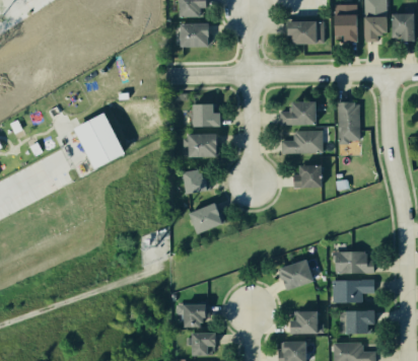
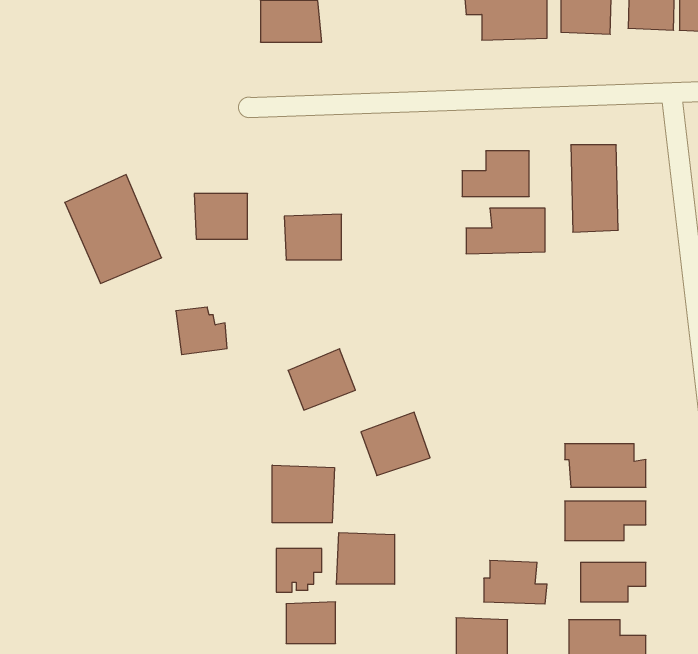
building: [189,103,216,127] -> [194,194,248,239]
building: [293,165,323,189] -> none
building: [184,169,210,194] -> [176,307,227,355]
building: [280,259,316,291] -> [361,412,430,476]
building: none -> [272,465,334,523]
building: none -> [336,533,395,584]

